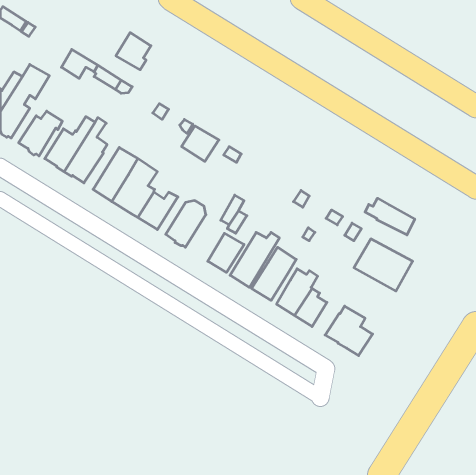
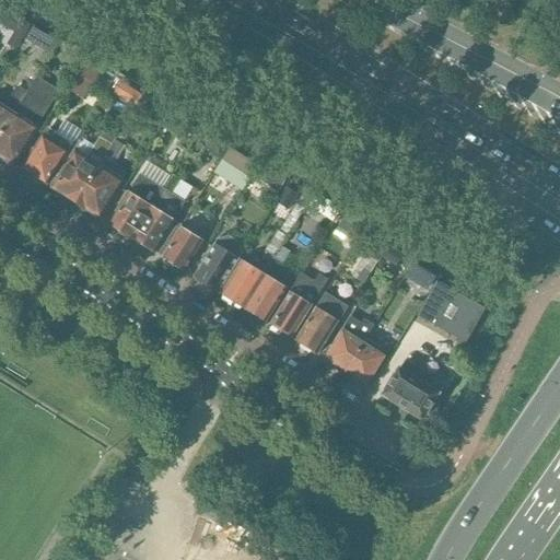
building: [116,33,151,70] -> none
building: [365,198,415,235] -> none
building: none -> [221,259,264,306]

